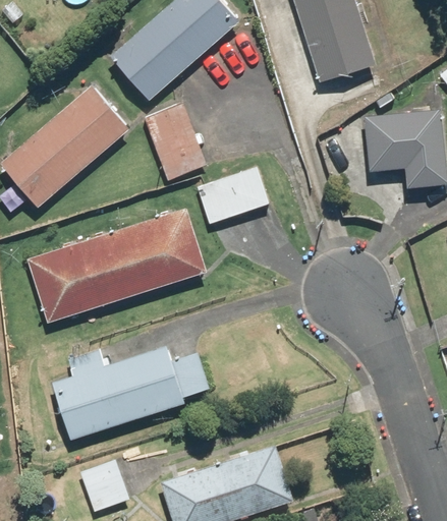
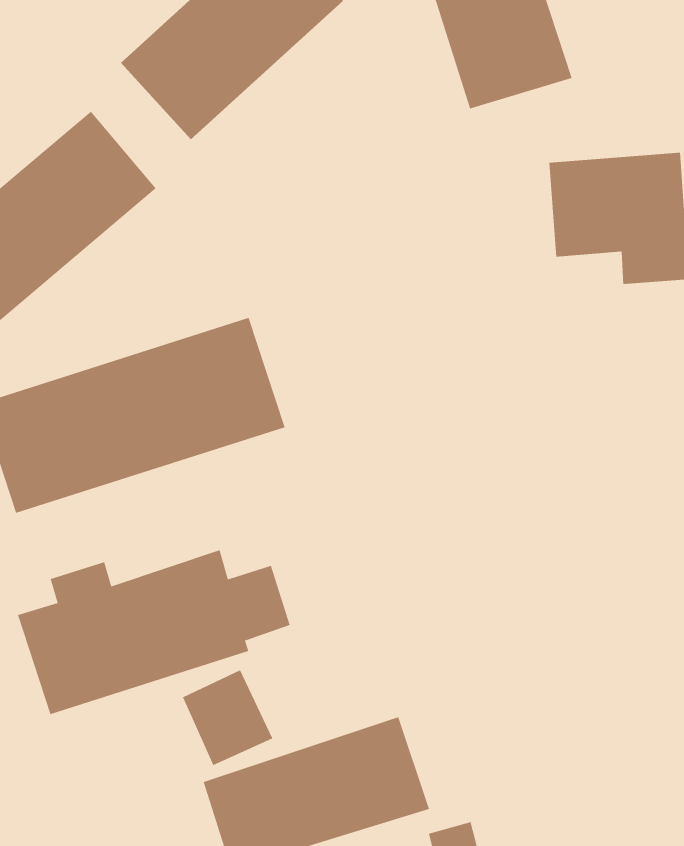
building: [142,99,211,183] -> none
building: [197,166,273,223] -> none
building: [76,455,130,512] -> [182,670,273,766]

